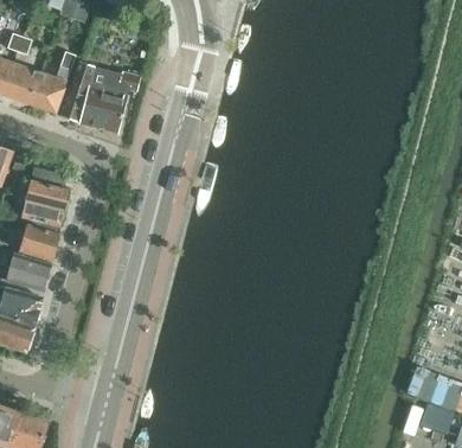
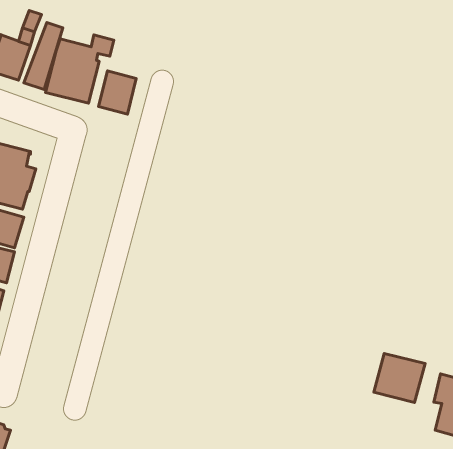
building: none -> [99,71,136,114]
building: none -> [374,353,425,403]

